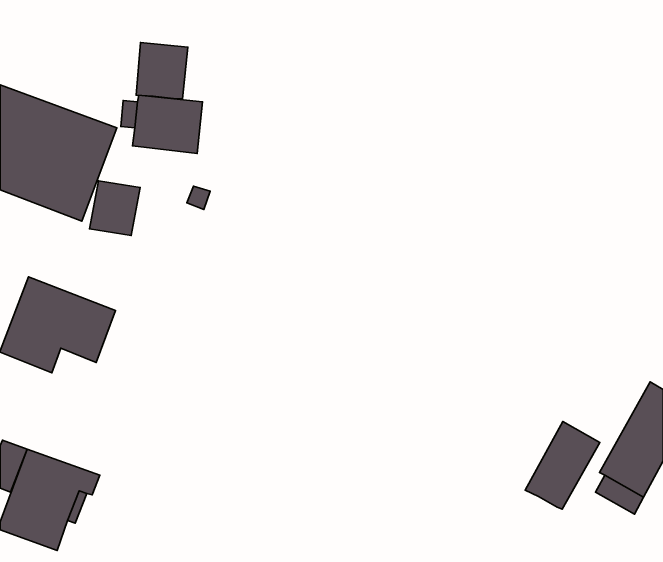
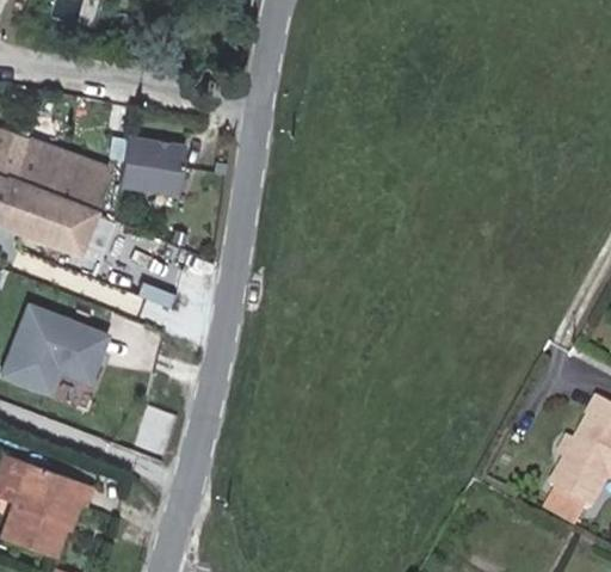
building: [136,42,188,99] -> none
building: [525,422,600,509] -> none

